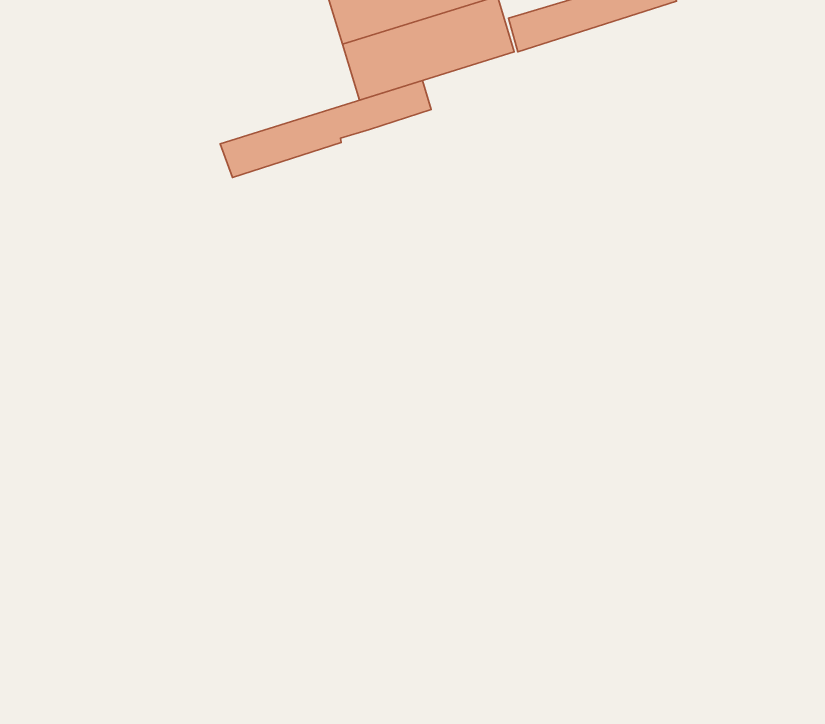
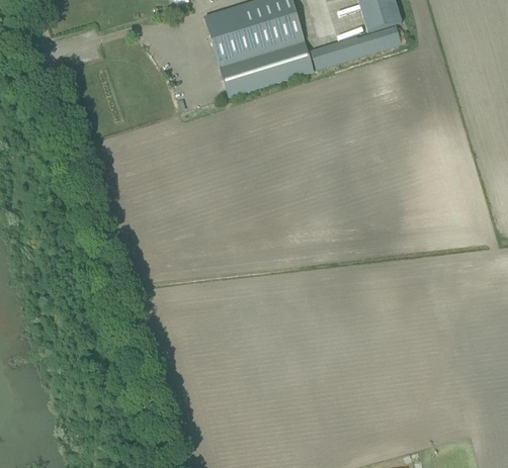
building: [220,80,431,178] -> none

